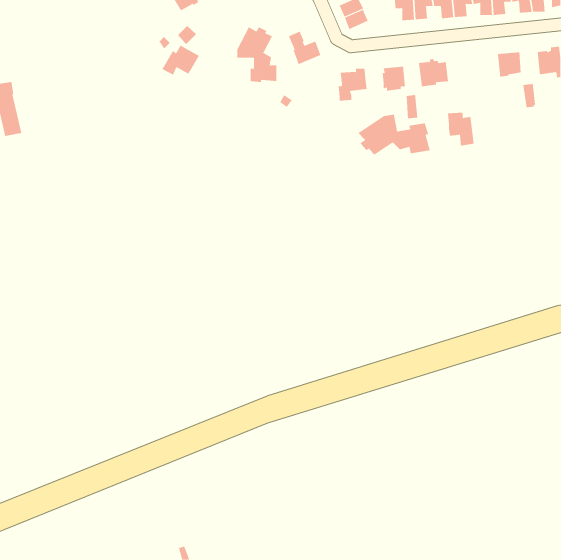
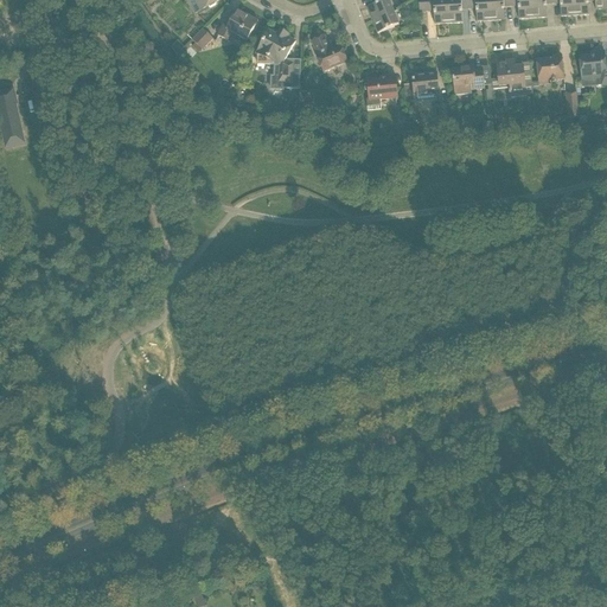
building: [161,45,200,76] -> [216,7,257,40]
building: [447,112,475,146] -> [496,59,525,96]
building: [357,114,431,156] -> none

